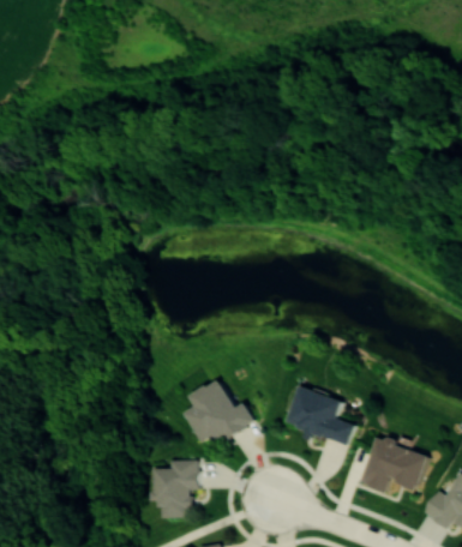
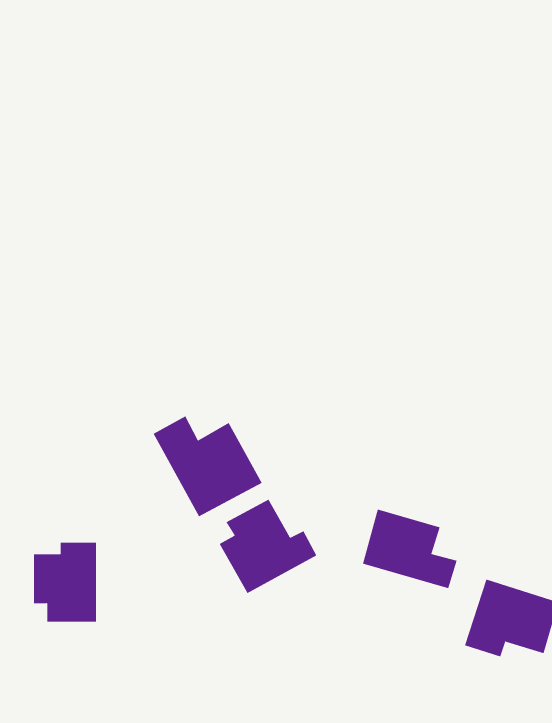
building: none -> [153,415,262,517]
building: [150,459,196,517] -> [33,542,97,622]

